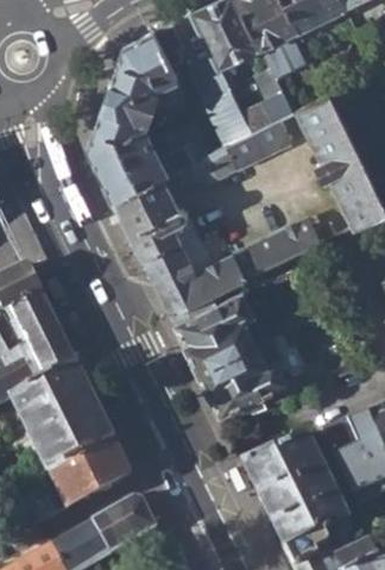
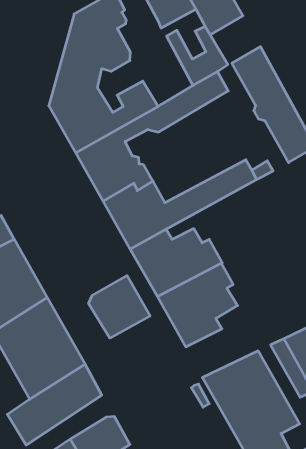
building: [191,56,251,149] -> none
building: none -> [89,276,150,338]

